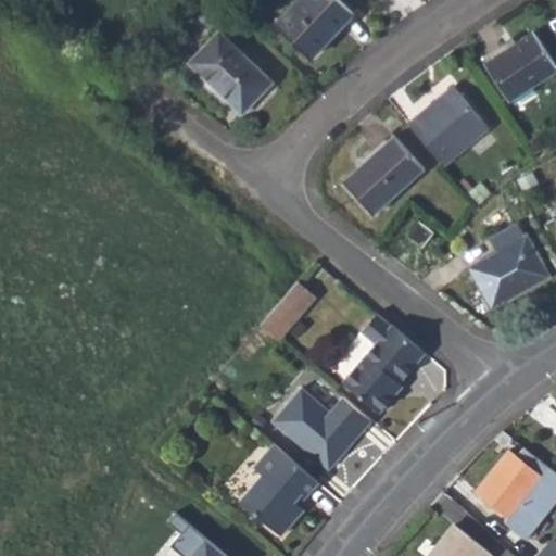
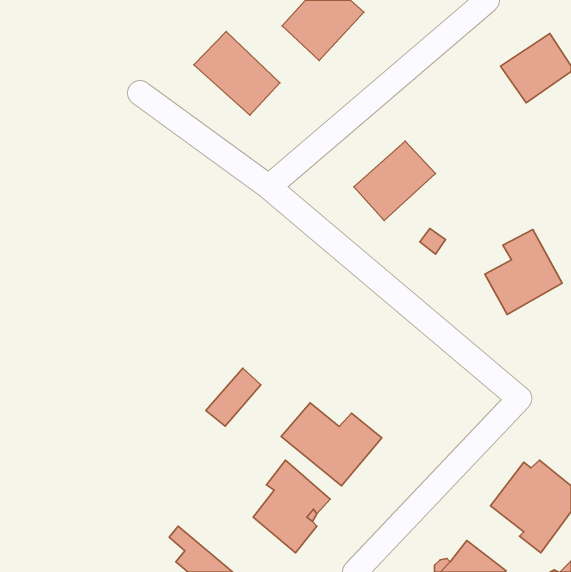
building: [408,87,488,166] -> none
building: [256,288,309,344] -> [206,368,261,426]
building: [343,314,426,413] -> none

